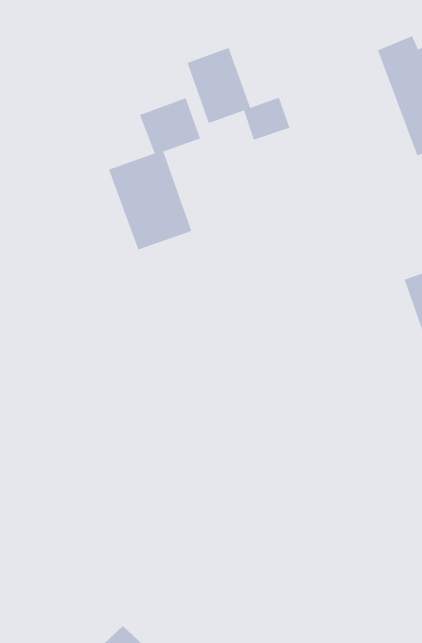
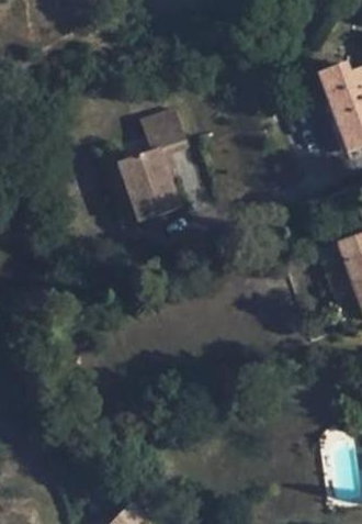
building: [187,47,290,141] -> none

